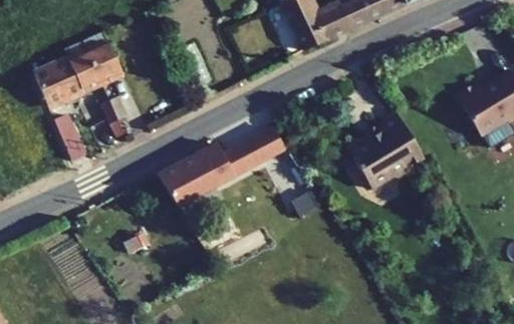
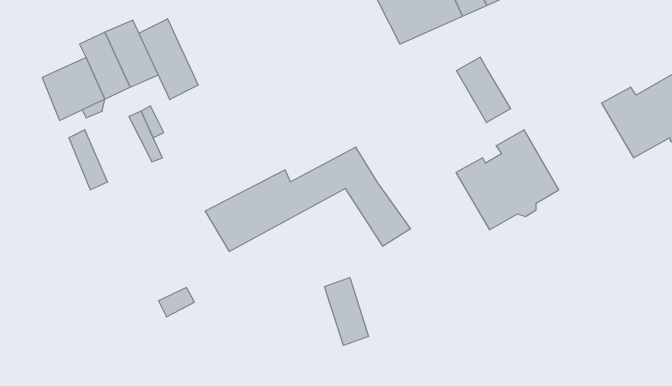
building: none -> [139,19,198,100]
building: none -> [457,57,510,123]
building: none -> [325,278,369,345]

